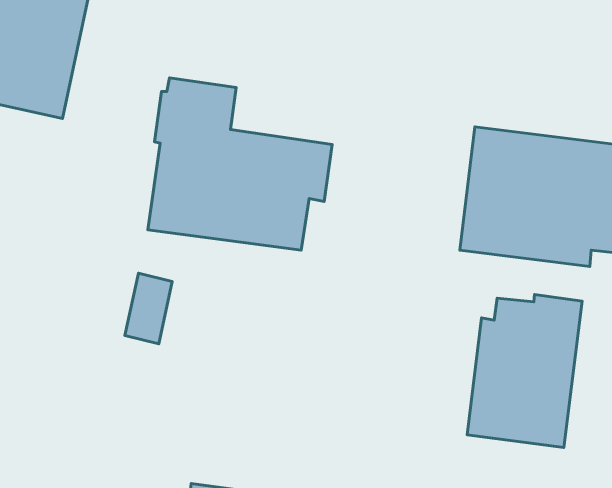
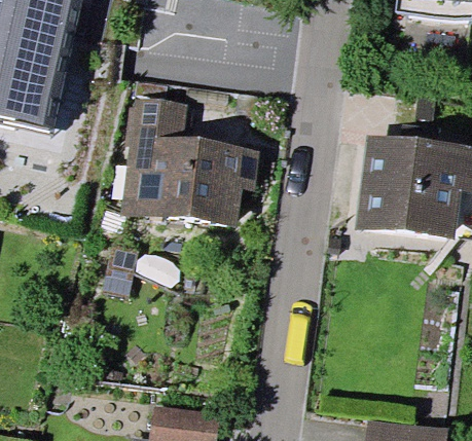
building: [467,295,582,448] -> none

